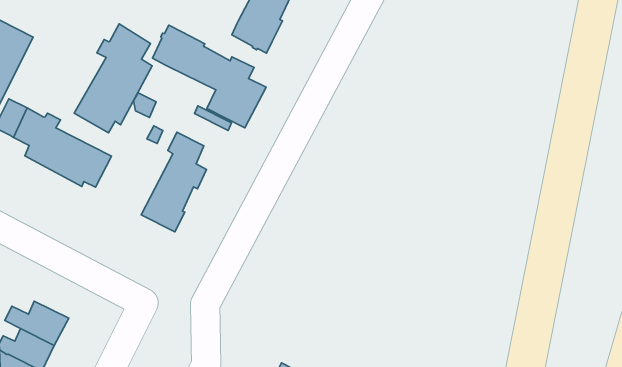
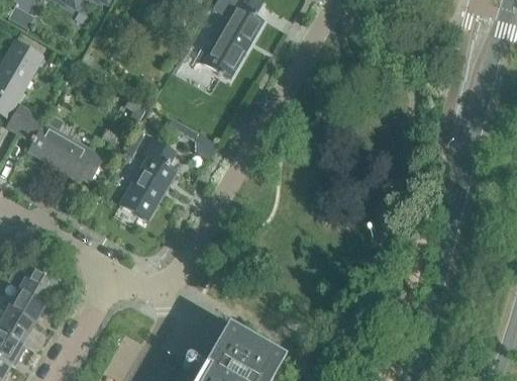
building: [74,24,152,133] -> none
building: [153,25,266,128] -> none

